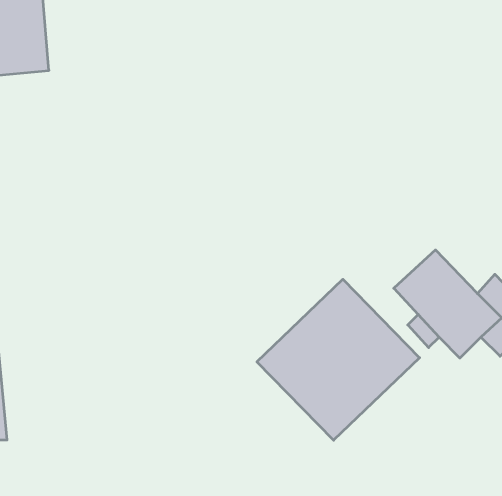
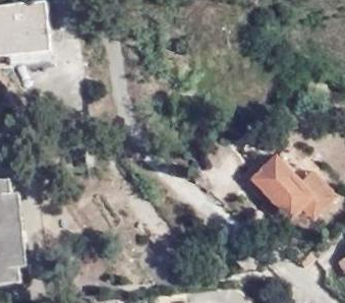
building: [257,279,420,440] -> none

